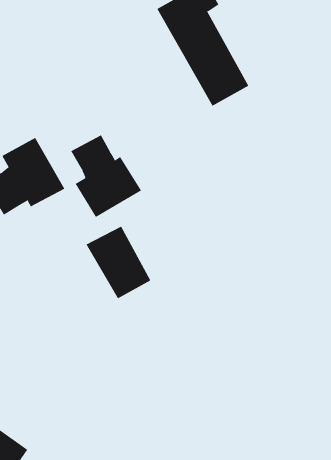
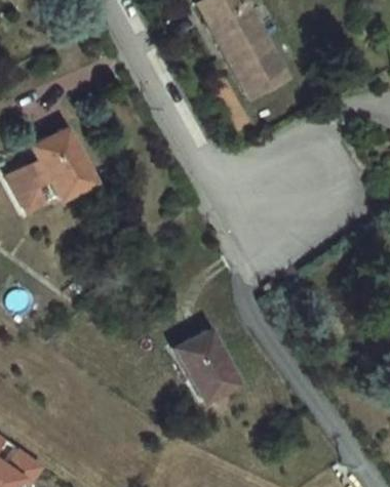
building: [70,135,142,218] -> none
building: [86,226,151,299] -> [169,341,235,414]

